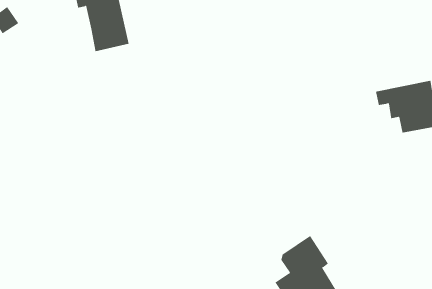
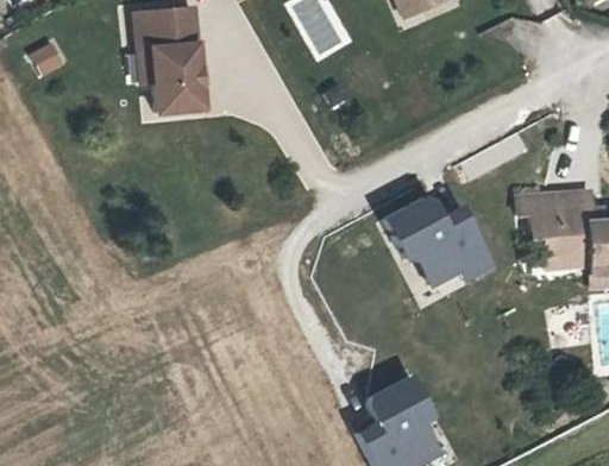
building: none -> [389,202,491,289]

